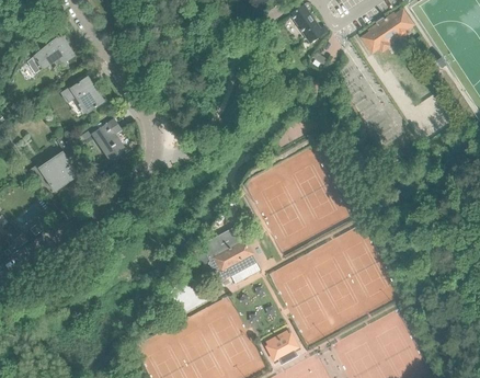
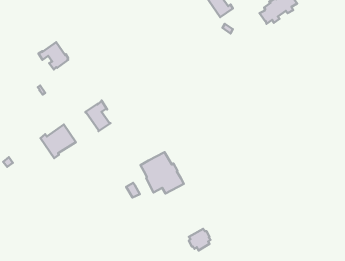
building: [26,35,71,73] -> none
building: [91,117,125,159] -> [86,100,110,131]
building: [30,151,78,197] -> [40,124,76,158]

